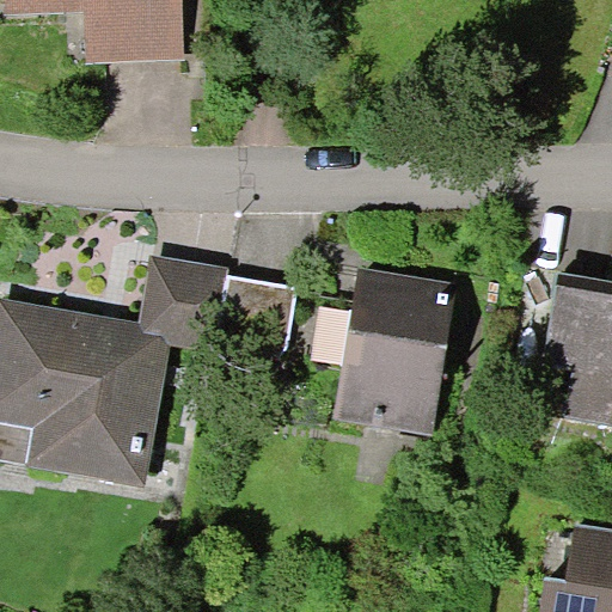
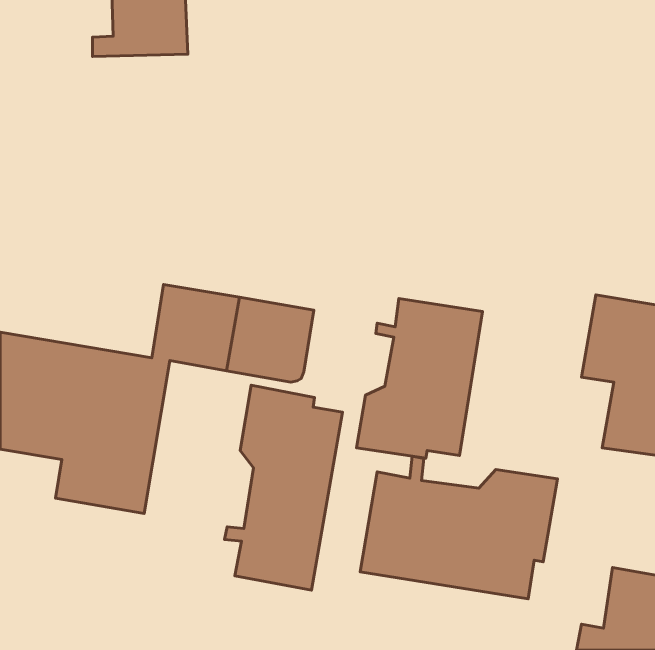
building: none -> [225,385,343,590]
building: none -> [360,456,558,599]

